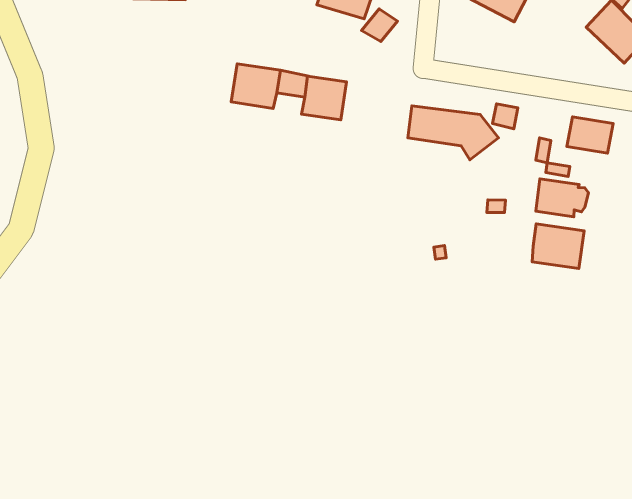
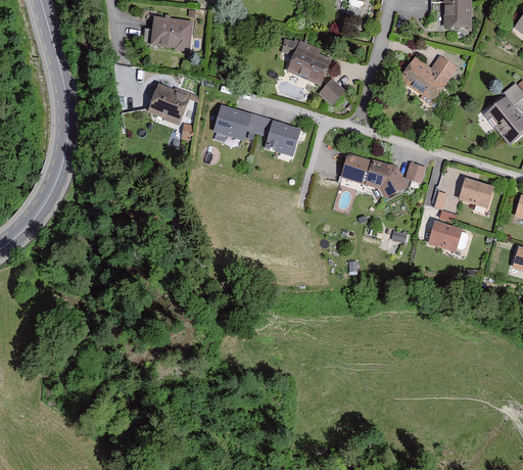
building: none -> [147,81,190,123]
building: [532,224,584,268] -> none

